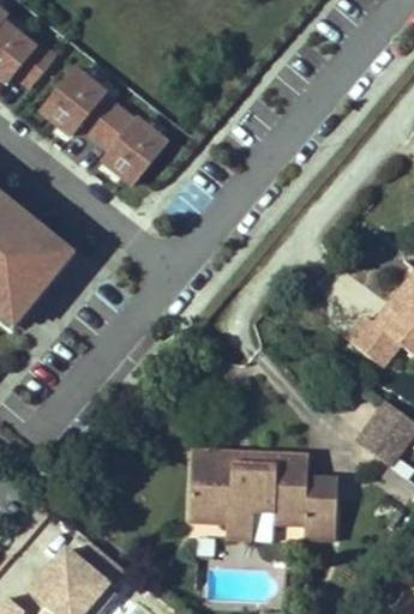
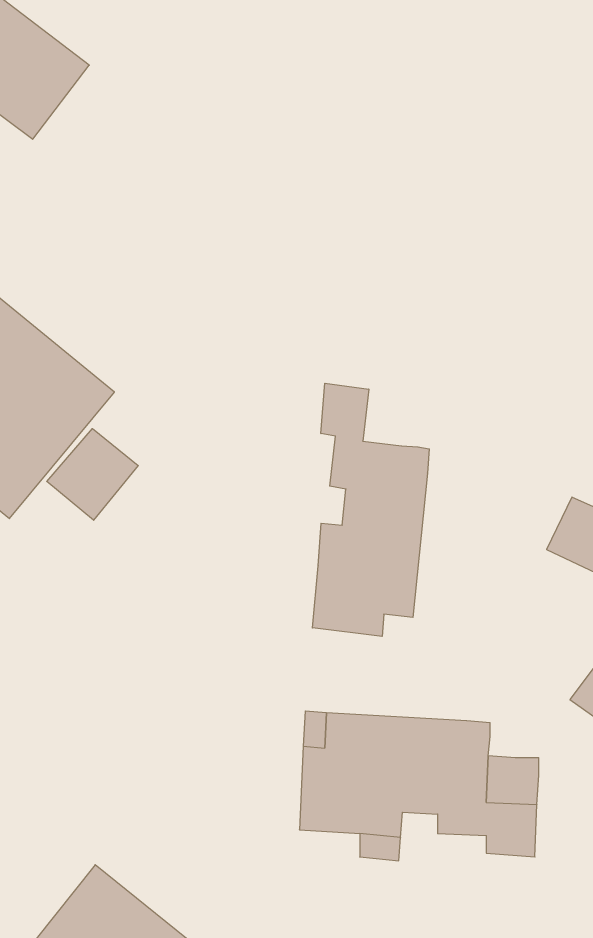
building: [34,64,170,187] -> none
building: none -> [312,383,429,636]
building: none -> [47,429,138,520]

